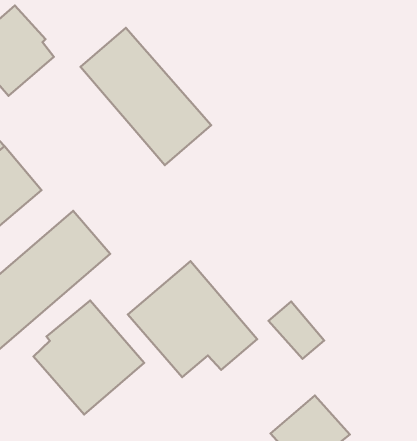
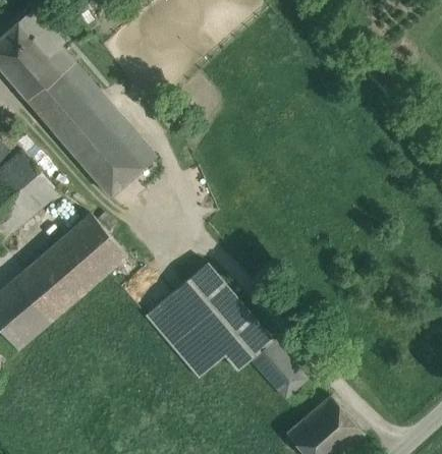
building: [81,28,211,165] -> [26,60,156,196]
building: [34,300,144,415] -> none
building: [269,301,324,359] -> [251,340,306,397]

